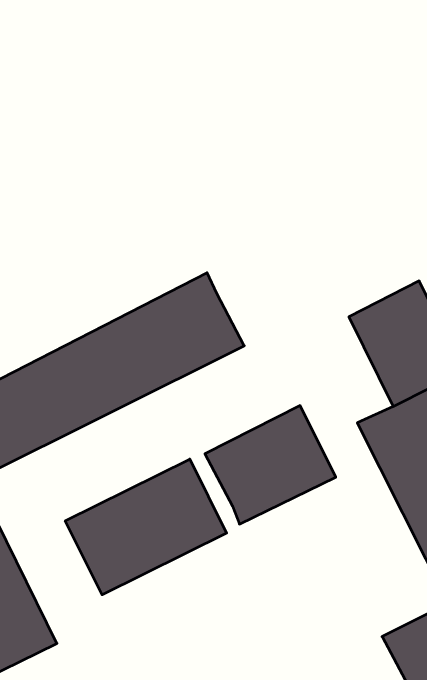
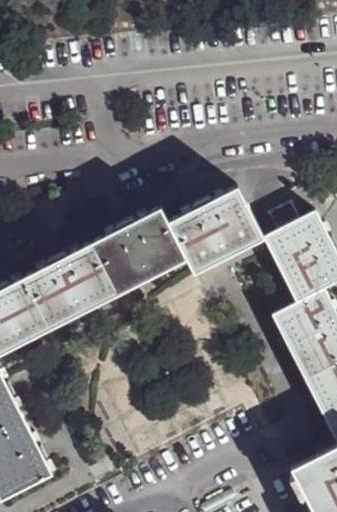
building: [205,406,336,524] -> [168,187,263,273]
building: [65,459,227,595] -> none

